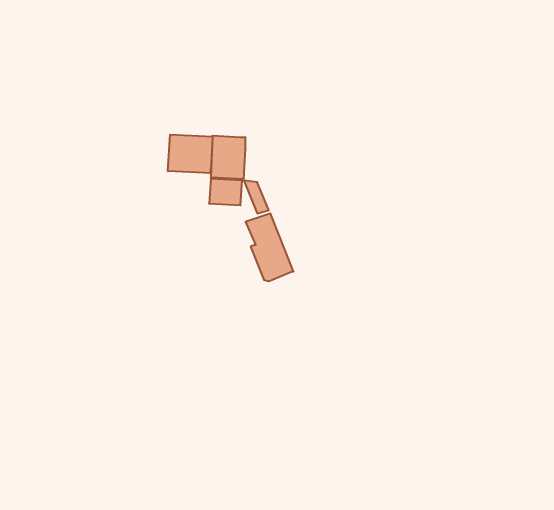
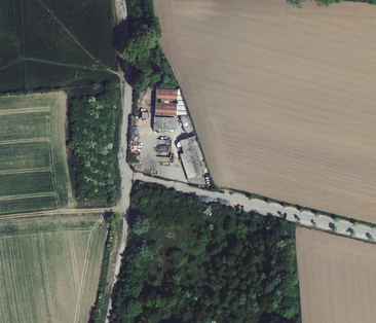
building: [168,135,212,173] -> none

